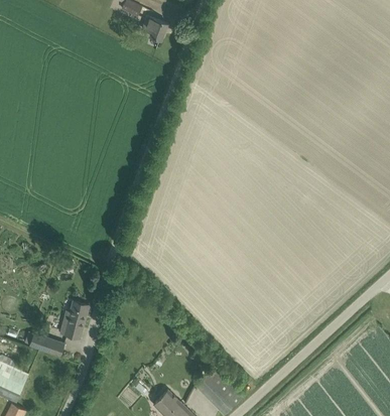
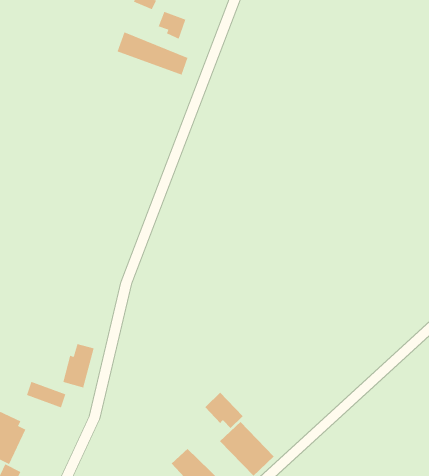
building: none -> [117,31,188,75]
building: none -> [205,392,244,429]

